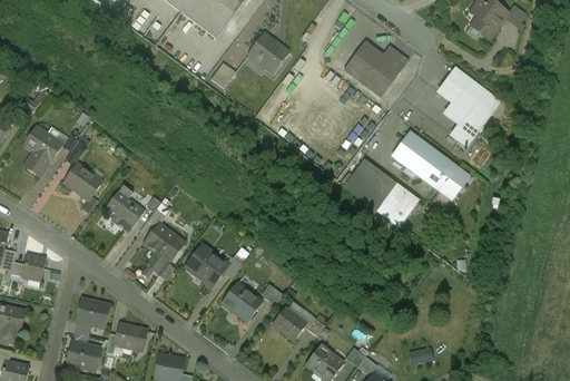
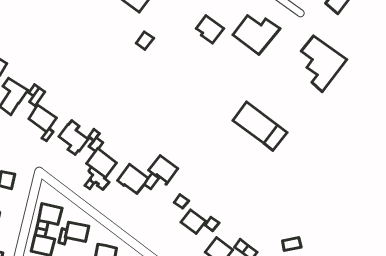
building: [249,33,287,71] -> [196,16,224,43]
building: [392,131,466,197] -> none
building: [222,282,262,321] -> [149,156,178,184]

